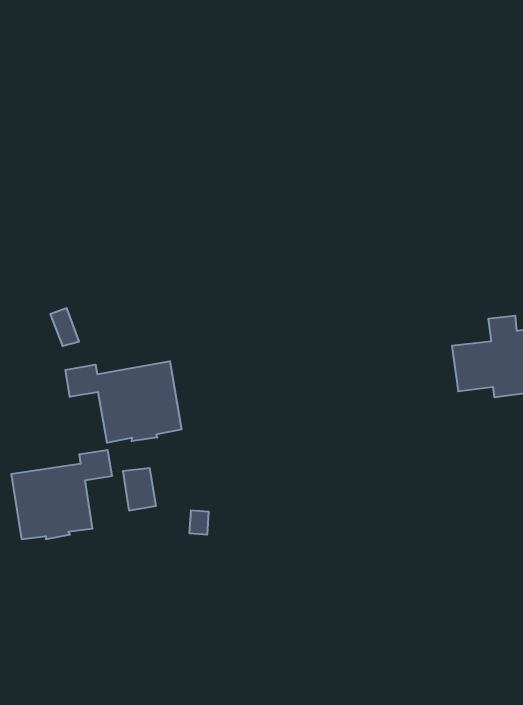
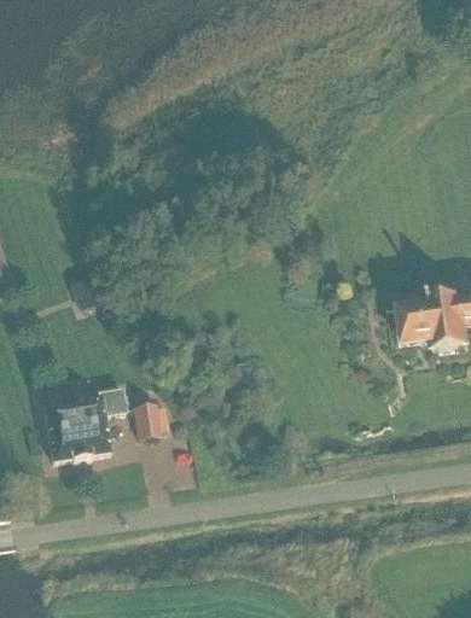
building: [66,361,181,443] -> none

